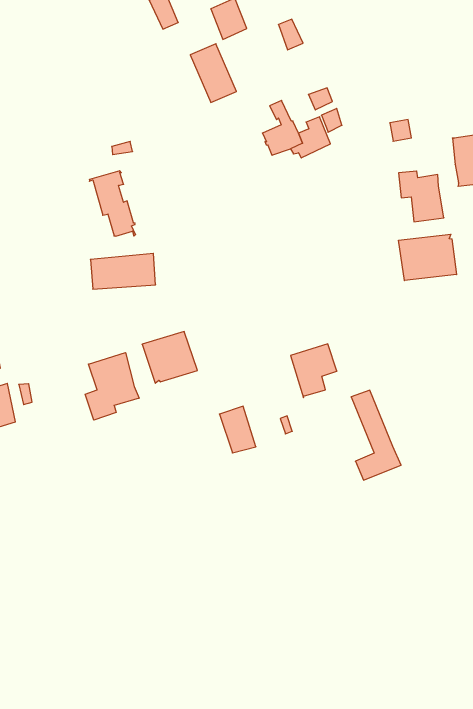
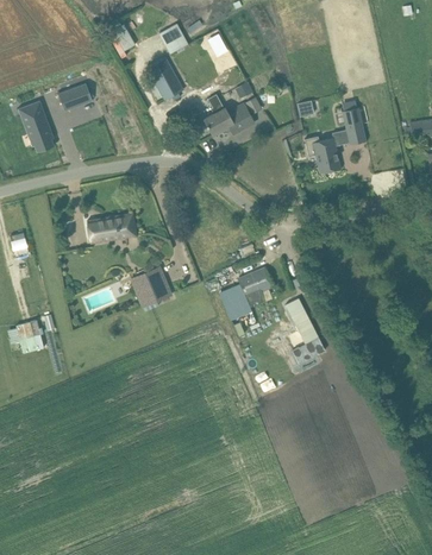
building: none -> [58,83,92,111]
building: [89,171,136,236] -> [18,100,55,147]
building: [399,234,457,281] -> none
building: [85,353,139,420] -> none
building: [219,406,256,453] -> [218,283,246,317]

